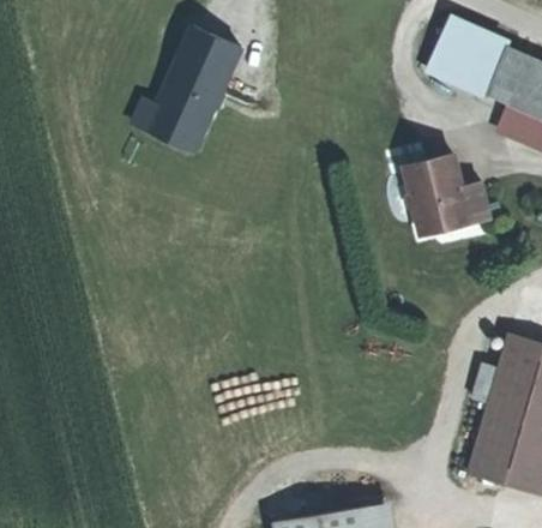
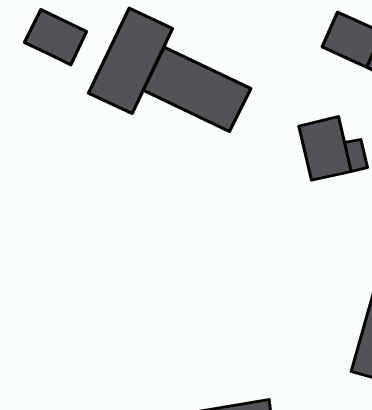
building: none -> [24,10,86,65]
building: none -> [143,47,251,132]

